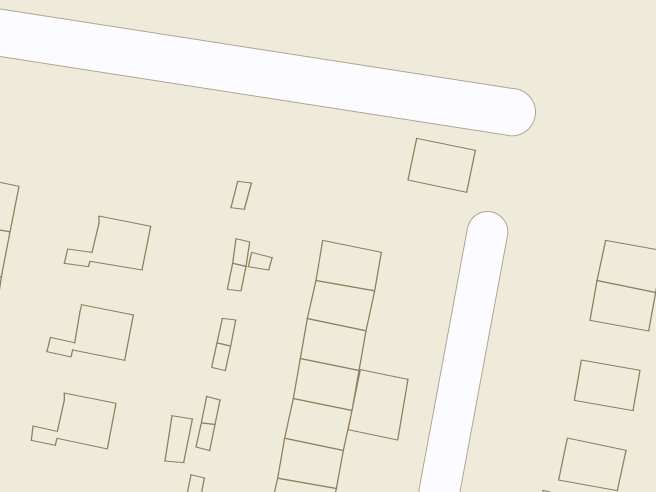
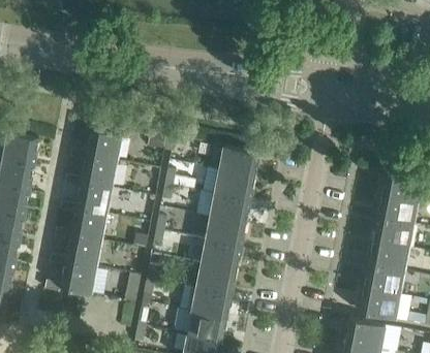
building: [408,138,476,192] -> [218,145,258,176]
building: none -> [69,128,121,161]
building: none -> [59,182,111,214]
building: none -> [372,217,412,247]
building: none -> [49,234,100,266]
building: [348,370,408,440] -> none
building: none -> [364,264,403,294]

